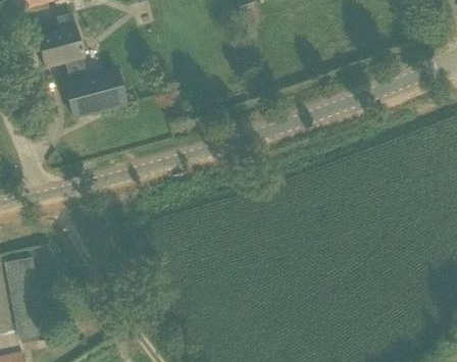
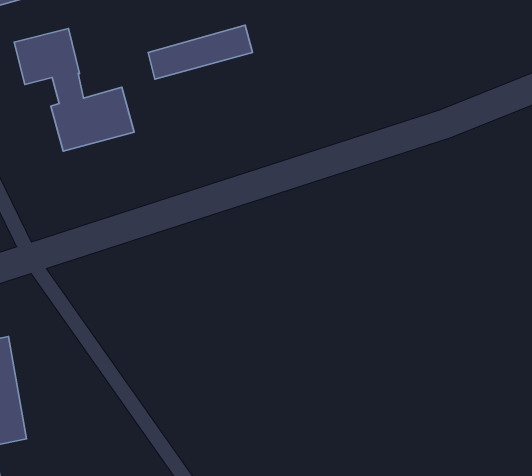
building: none -> [148,25,252,79]

